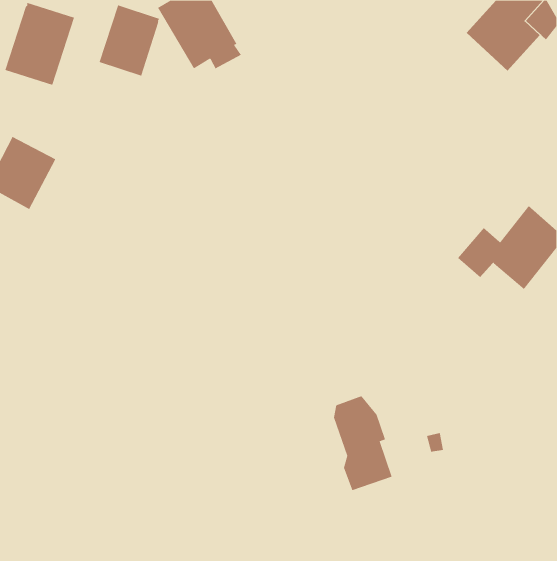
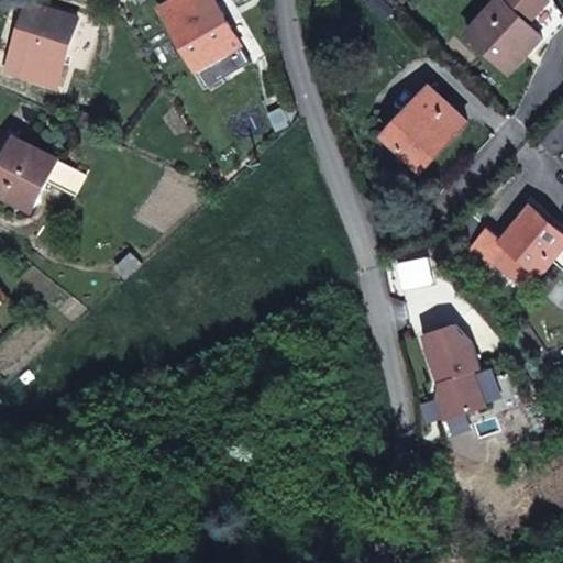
building: [99,5,160,76] -> none
building: none -> [383,87,465,169]
building: [333,395,393,491] -> [426,323,485,419]

